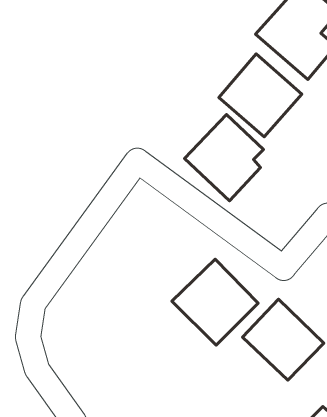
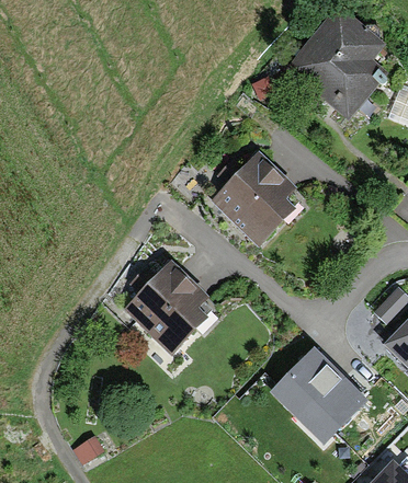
building: [219,54,302,137] -> none
building: [172,259,258,345] -> [123,262,217,356]

